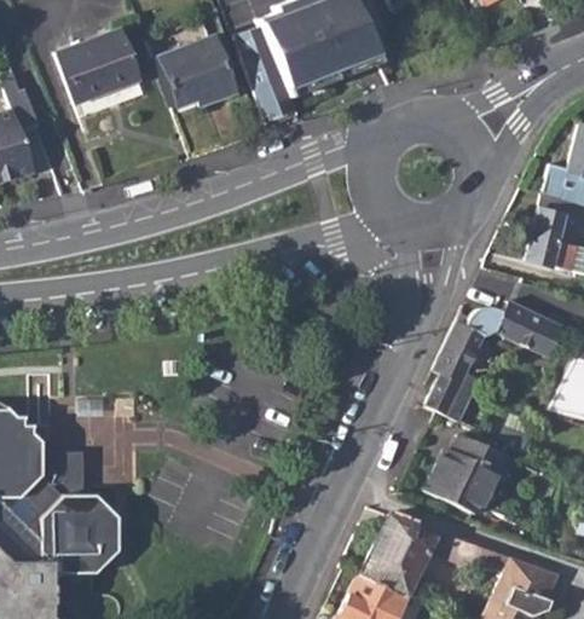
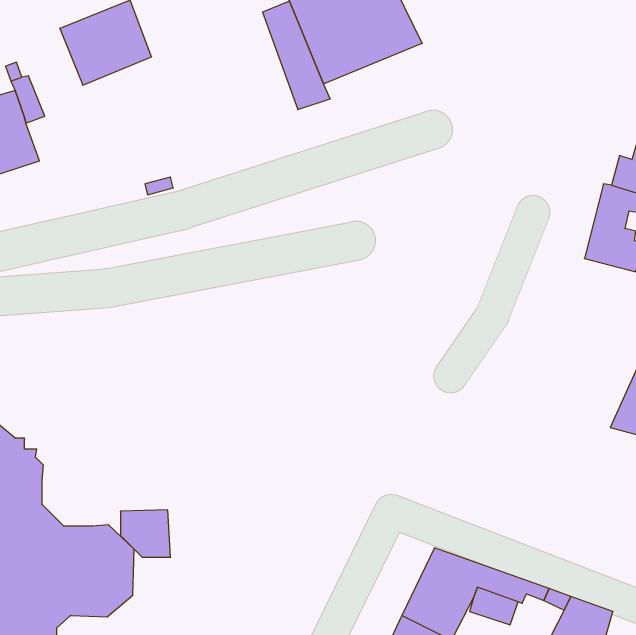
building: [155,34,230,105] -> none
building: [428,299,560,420] -> none
building: [428,435,507,514] -> none
building: [40,453,85,496] -> [120,510,171,557]

